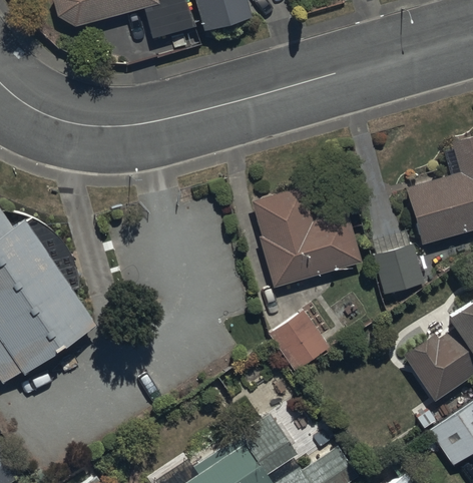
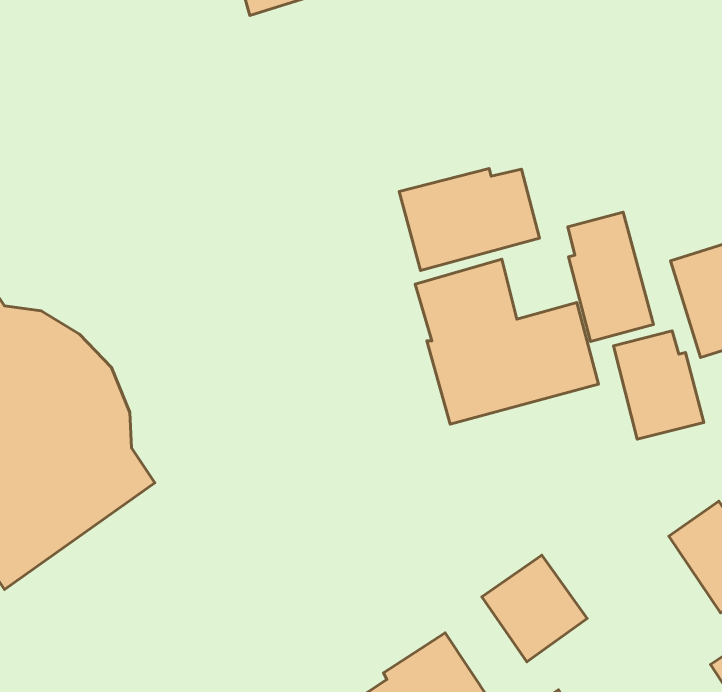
building: none -> [399,168,540,270]
building: none -> [568,212,653,341]
building: [268,310,331,374] -> [482,555,587,662]

